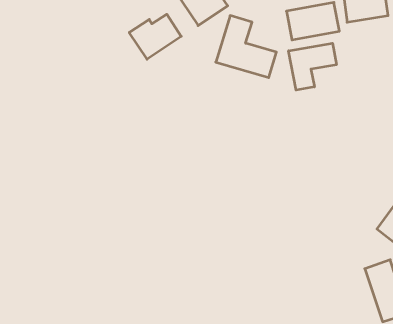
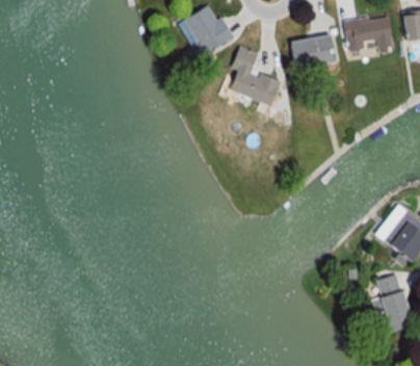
building: [129,14,181,59] -> none
building: [289,43,336,90] -> none

